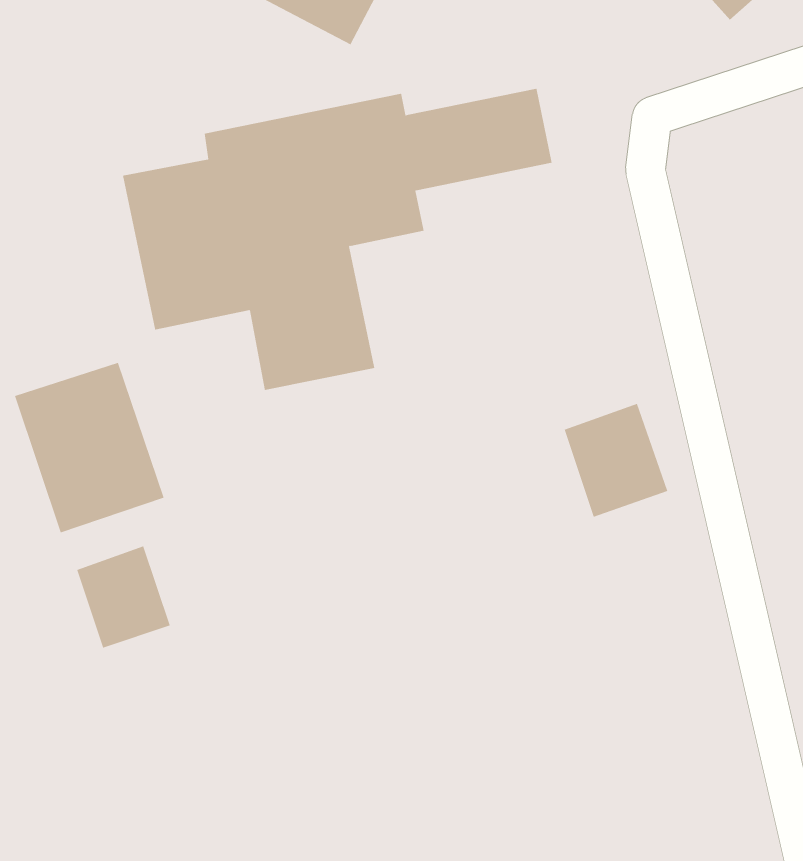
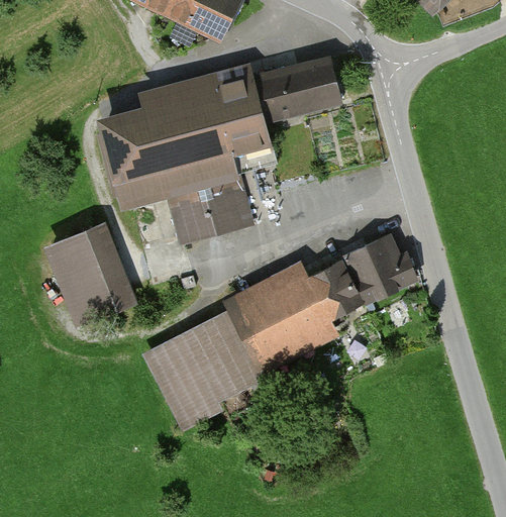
building: none -> [144,260,373,421]
building: [77,545,171,649] -> none

